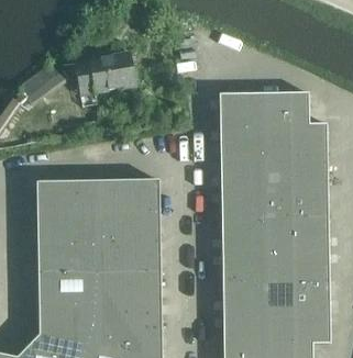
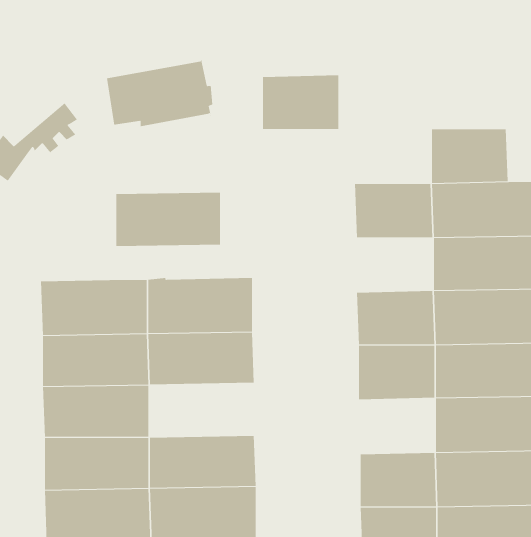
building: [219,91,264,123] -> [262,75,339,129]
building: [220,155,265,187] -> none
building: [99,239,161,271] -> [116,192,221,247]
building: [221,248,266,281] -> none

